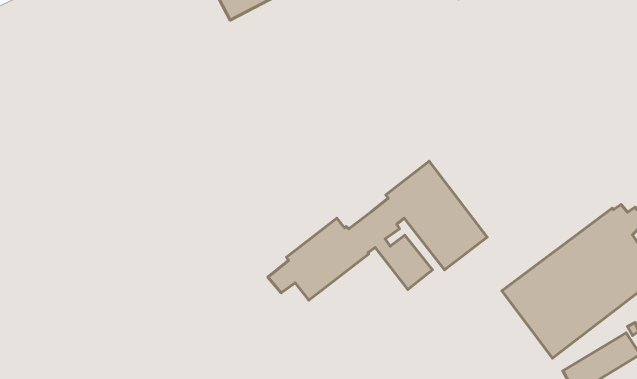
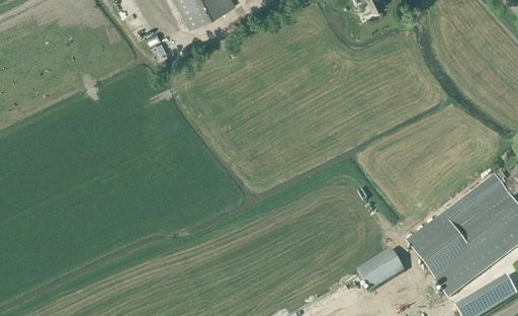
building: [268,161,487,300] -> none
building: none -> [357,250,404,293]

